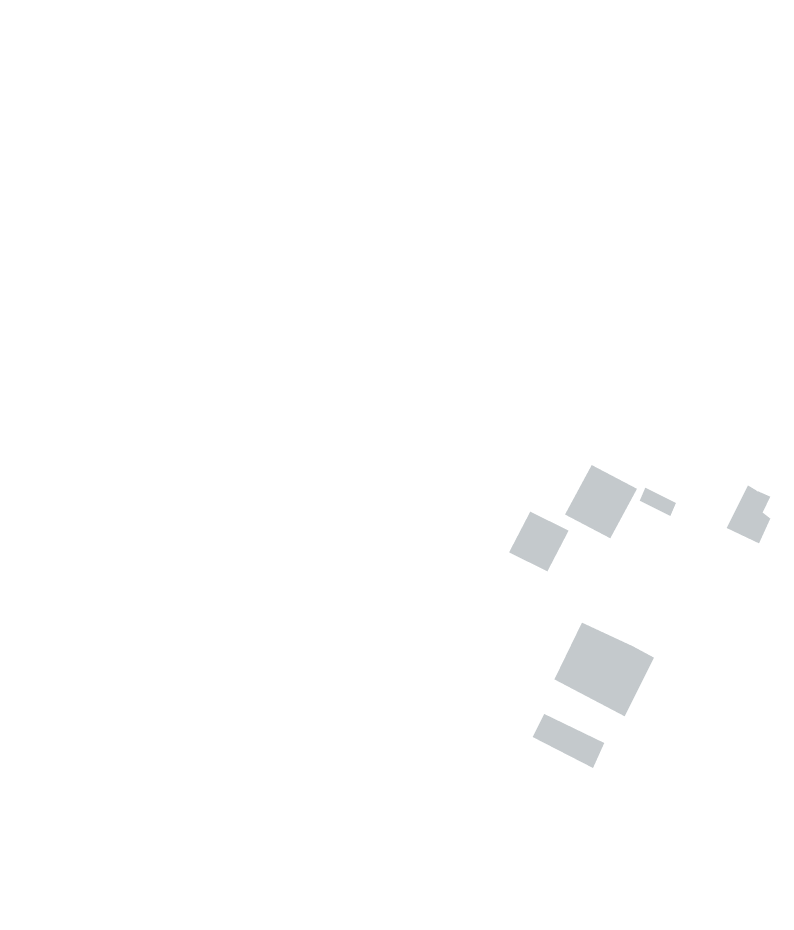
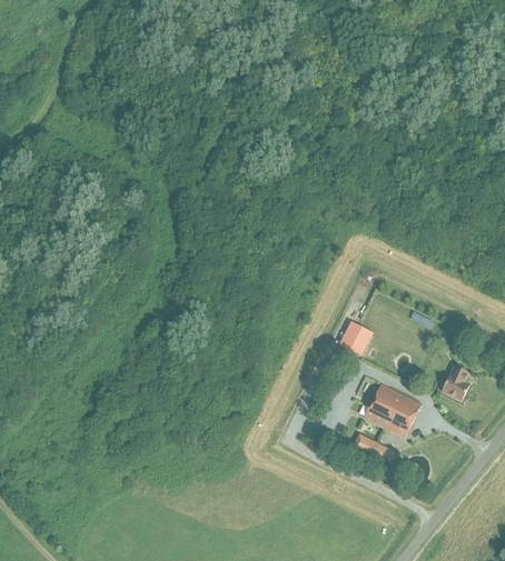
building: [564,464,638,539] -> none
building: [726,485,771,544] -> [443,365,468,399]

